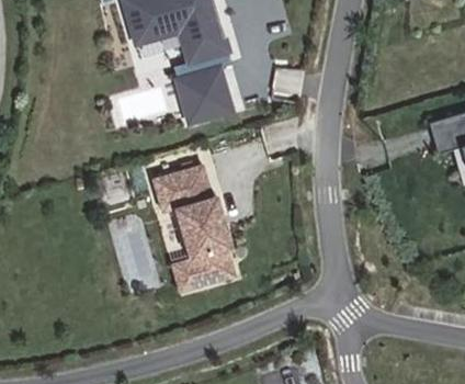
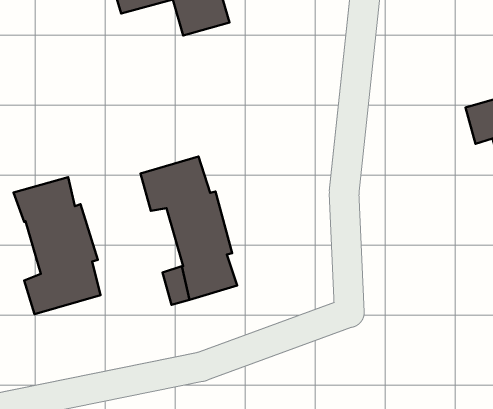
building: [175,63,237,122] -> none
building: none -> [14,177,100,314]

